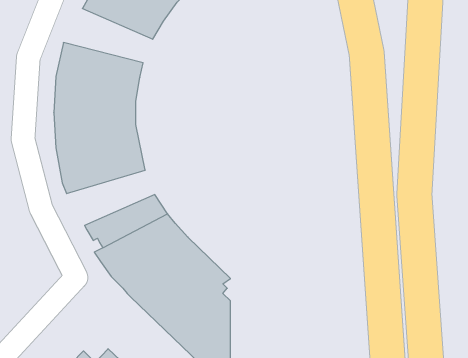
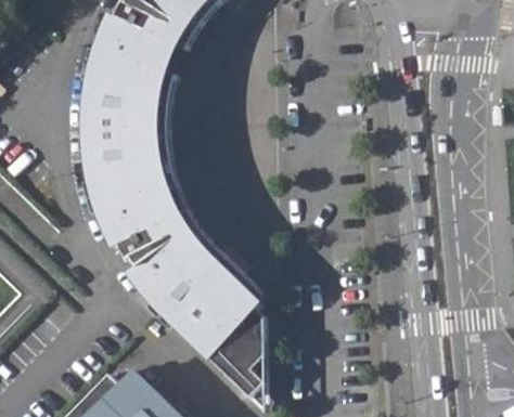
building: none -> [89,17,180,75]
building: none -> [92,184,182,243]

